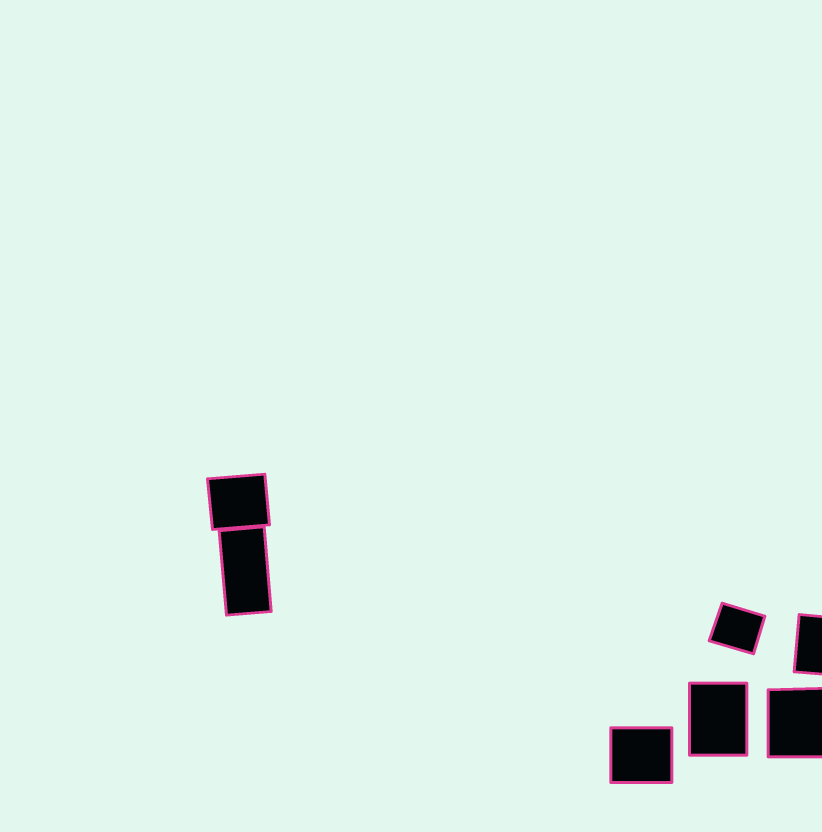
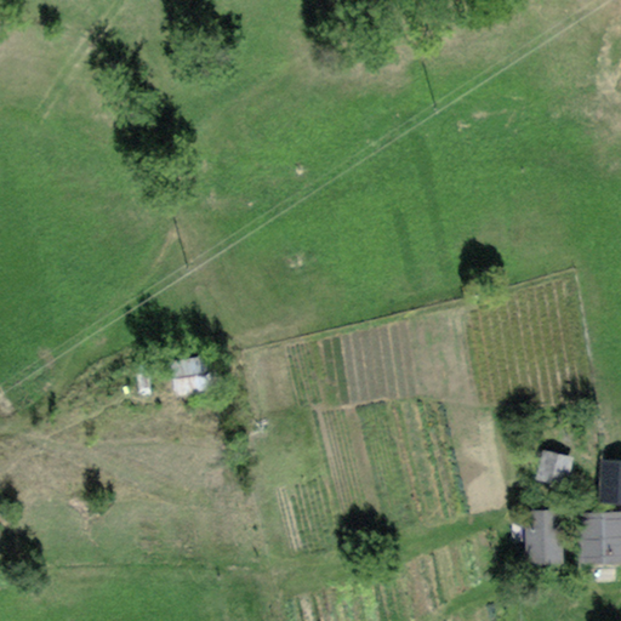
building: [219,527,271,615] -> none
building: [611,728,672,783] -> none

